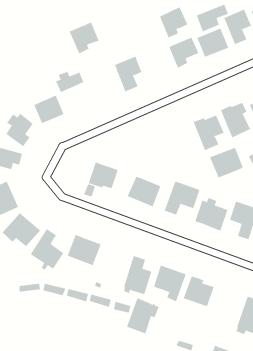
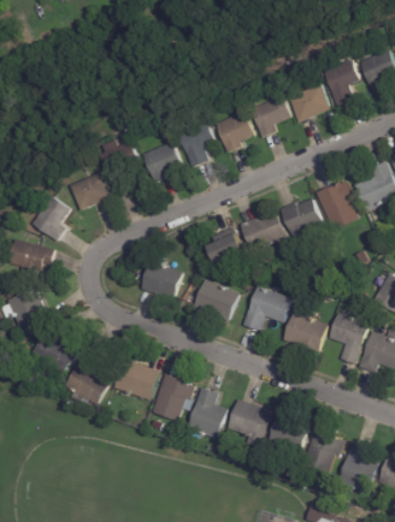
building: [196,4,229,32] -> none
building: [159,6,188,38] -> [214,111,253,153]
building: [69,22,100,54] -> [141,142,182,185]
building: none -> [207,227,244,265]
building: [209,147,244,178] -> [240,210,285,251]
building: none -> [301,423,346,473]
building: [126,298,160,334] -> [151,372,195,420]

